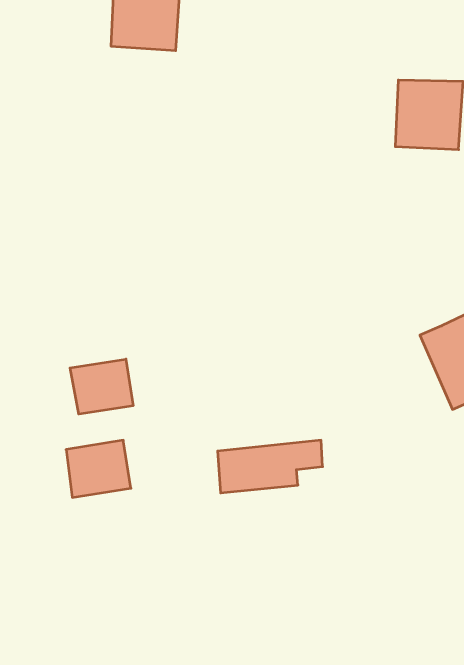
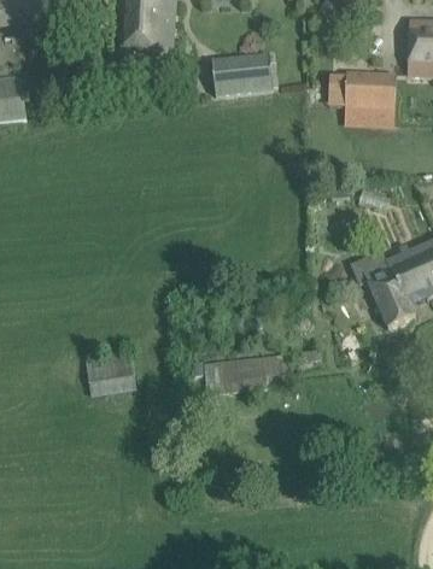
building: none -> [211,52,274,95]
building: [70,359,133,414] -> none

